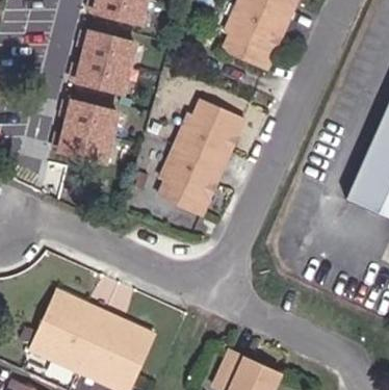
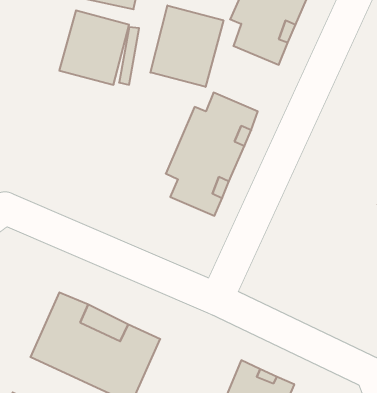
building: none -> [150,5,223,87]
building: [43,95,106,158] -> none

